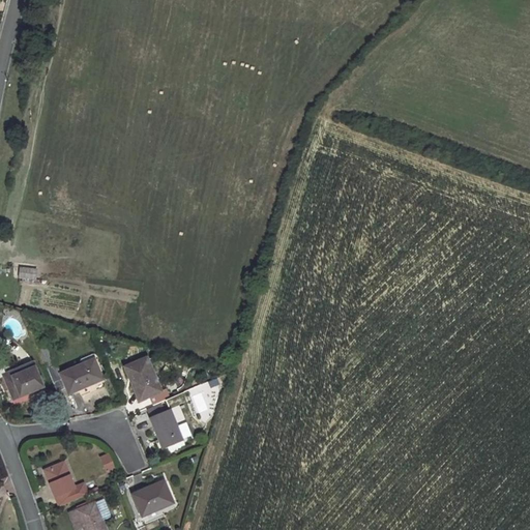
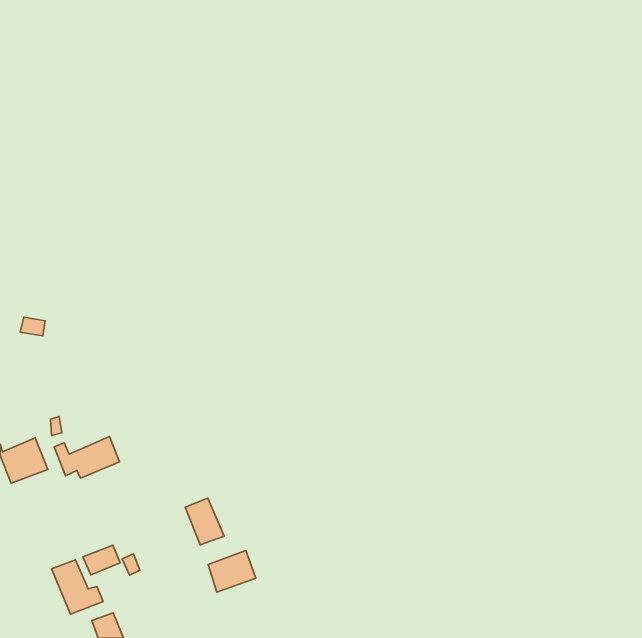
building: [126,358,160,400] -> none
building: none -> [83,545,120,575]
building: [134,481,173,516] -> [208,551,256,592]

